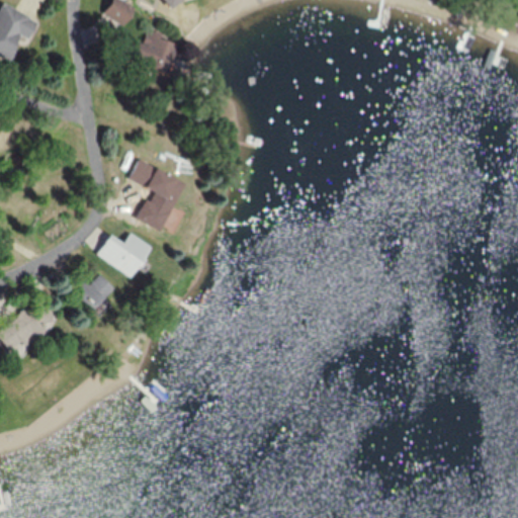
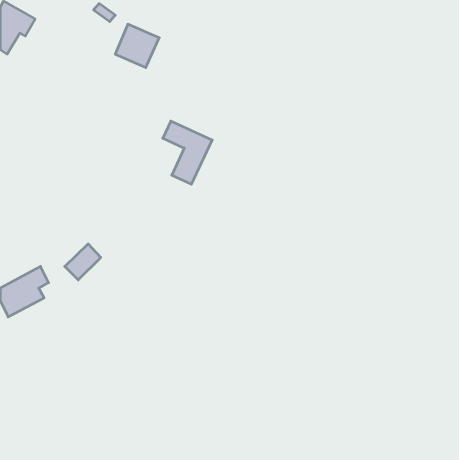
building: [130,160,185,231] -> [163,121,212,184]
building: [96,234,152,277] -> none

